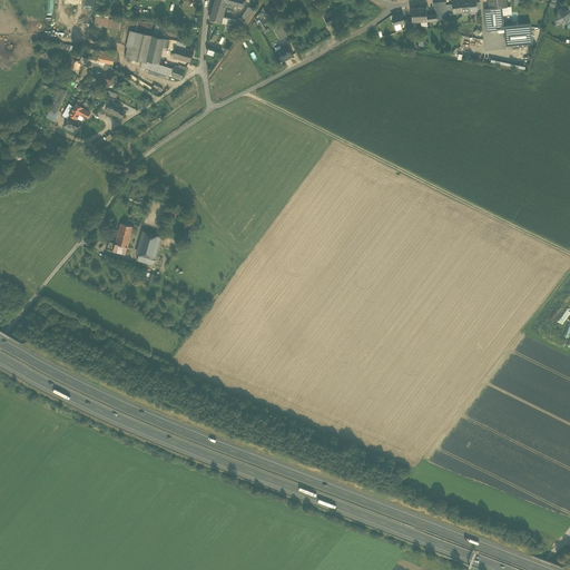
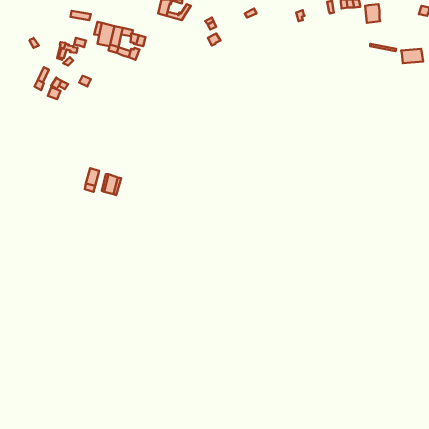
building: [502,22,531,41] -> [401,49,423,63]

